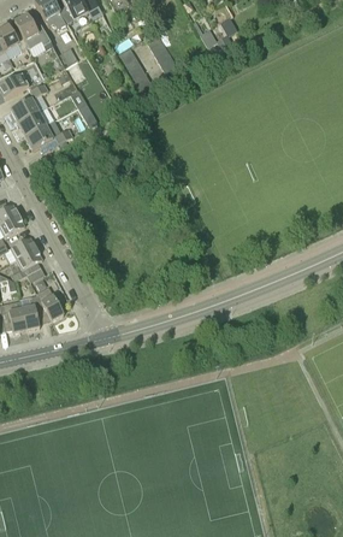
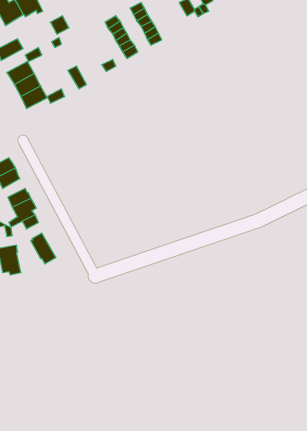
building: [19,293,46,327] -> none

